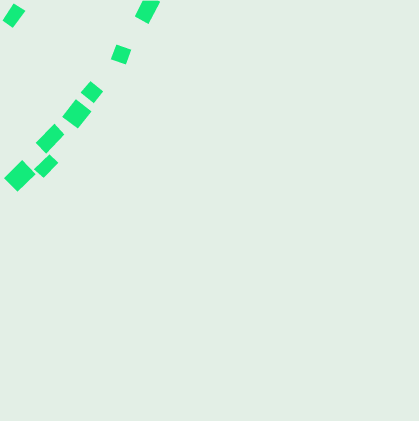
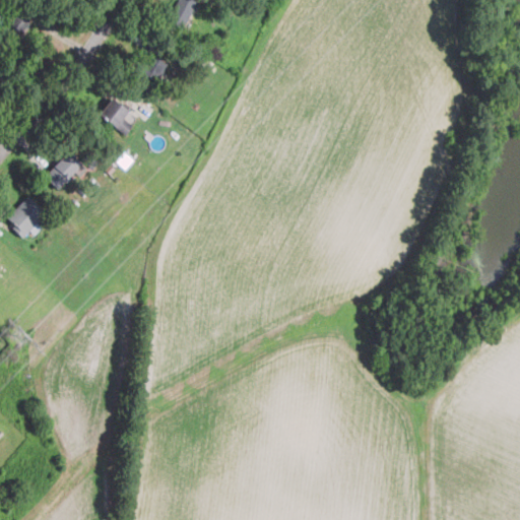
building: [61,98,92,130] -> none
building: [33,153,59,179] -> none

